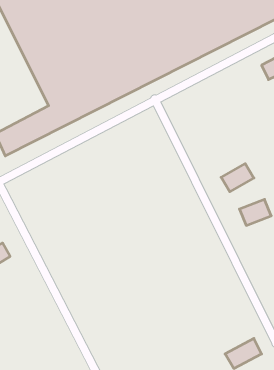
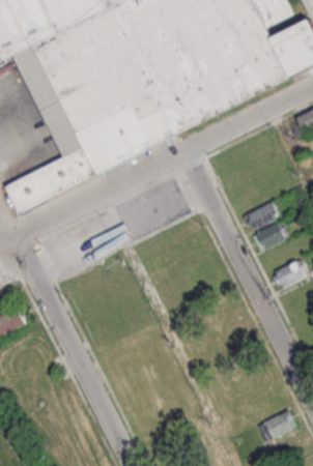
building: none -> [241,200,279,231]

